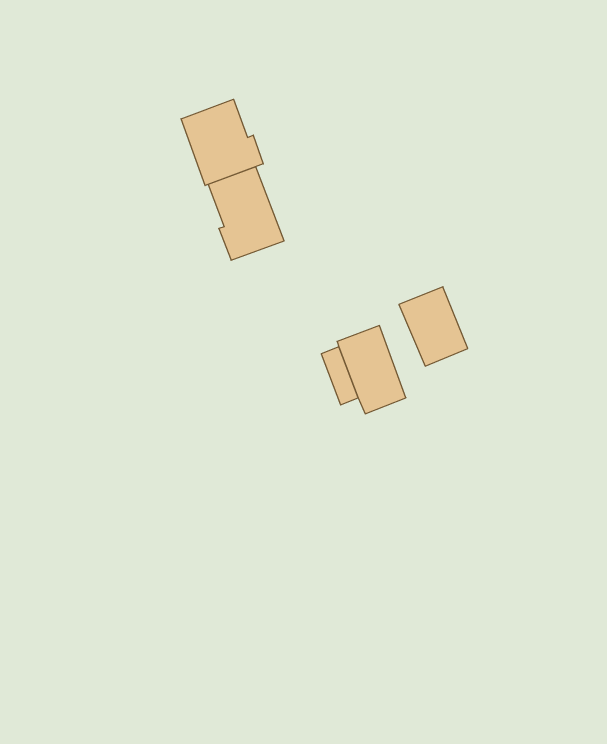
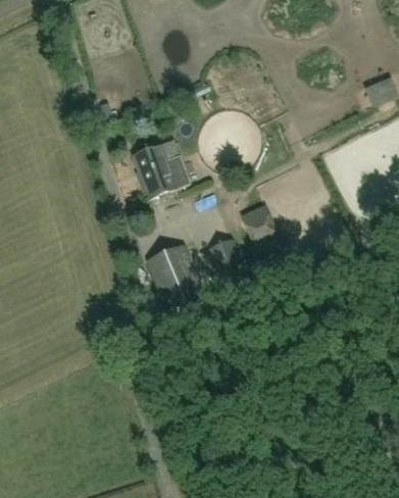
building: [181,99,263,186] -> none
building: none -> [146,242,204,307]

